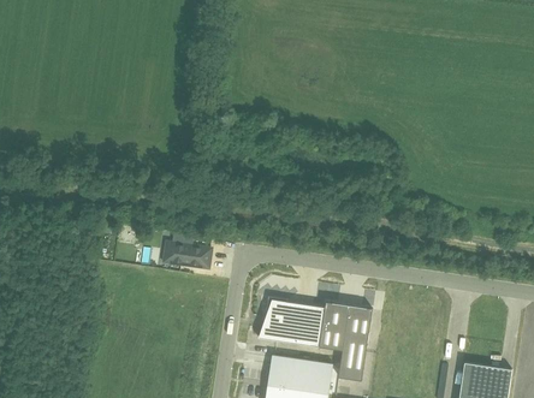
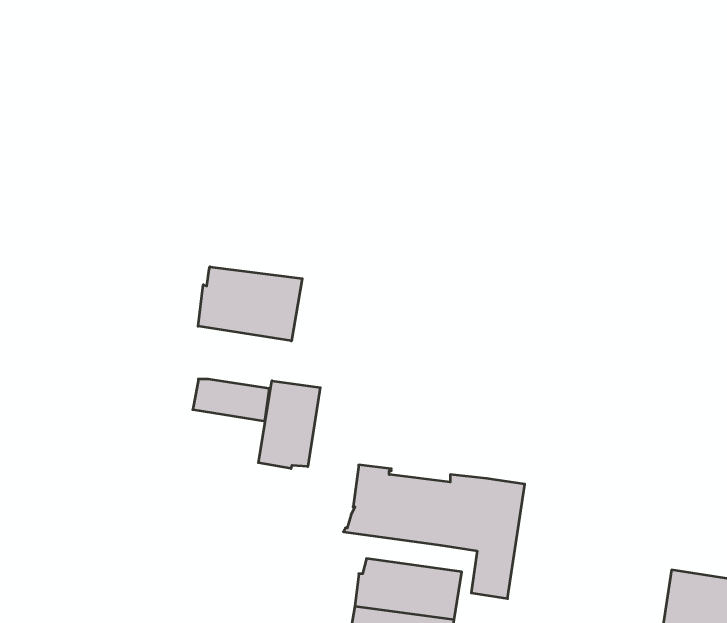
building: none -> [198,267,302,341]
building: none -> [258,381,320,469]

